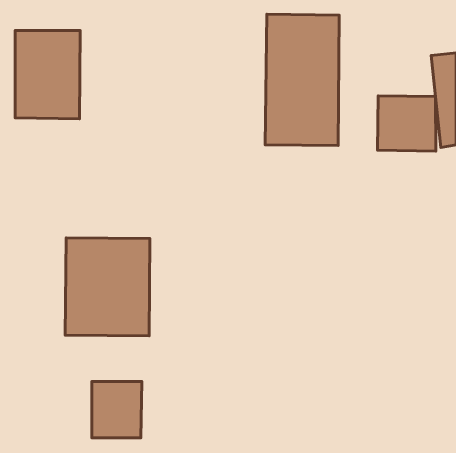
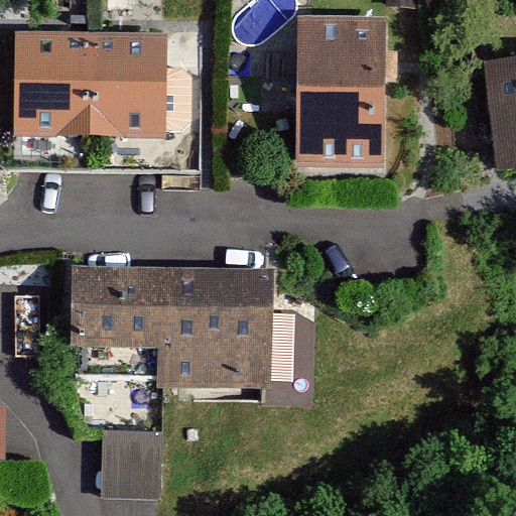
building: none -> [90,34,163,134]
building: [377,96,436,151] -> none
building: none -> [168,269,269,380]

